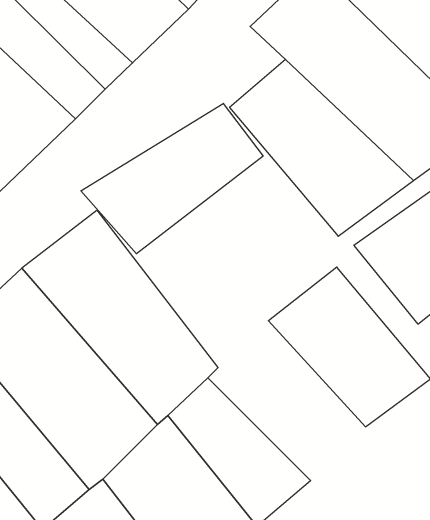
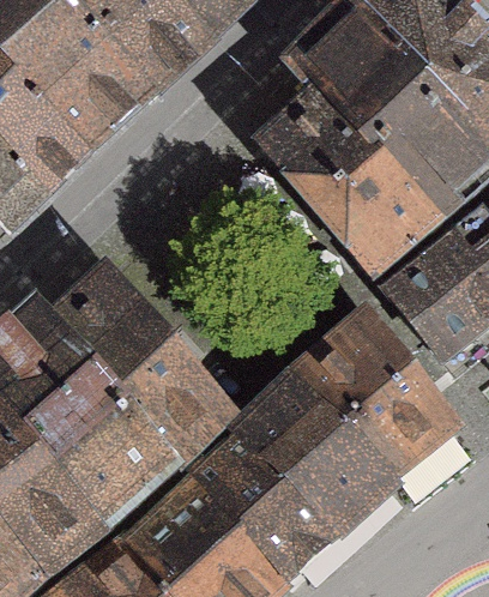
building: [81,103,263,254] -> none
building: none -> [233,368,398,536]

